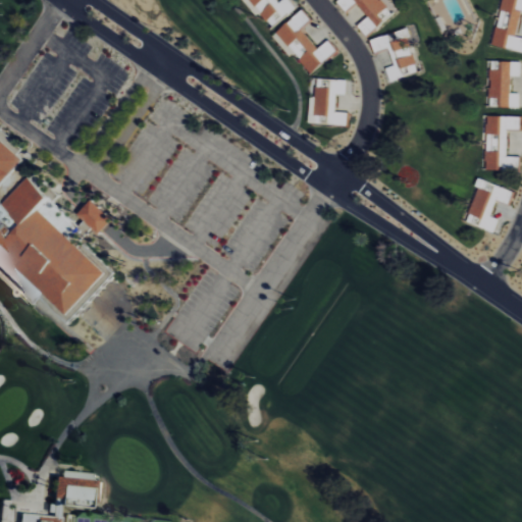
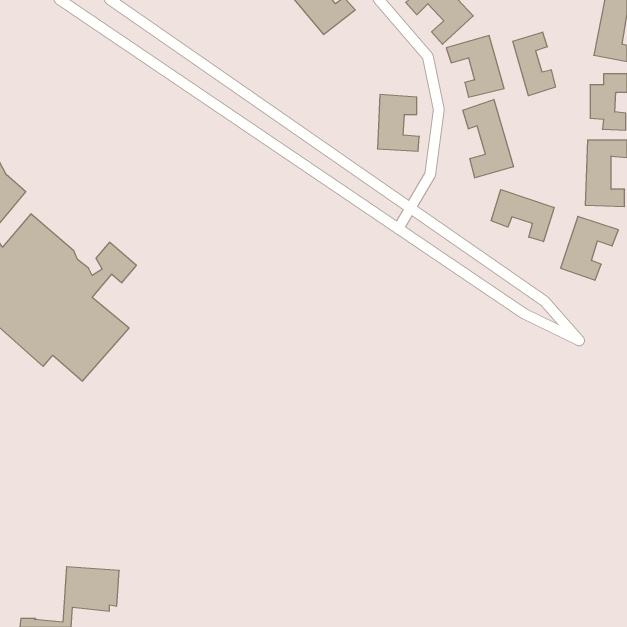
building: [271,10,336,73] -> none
building: none -> [513,32,555,96]
building: none -> [463,99,513,178]
building: none -> [491,190,554,242]

